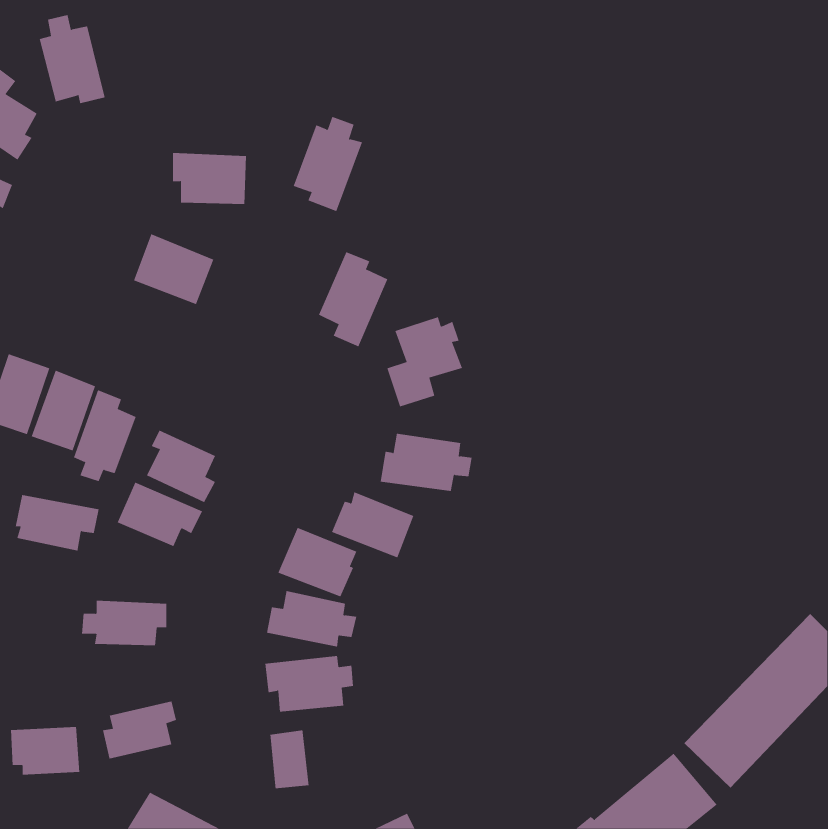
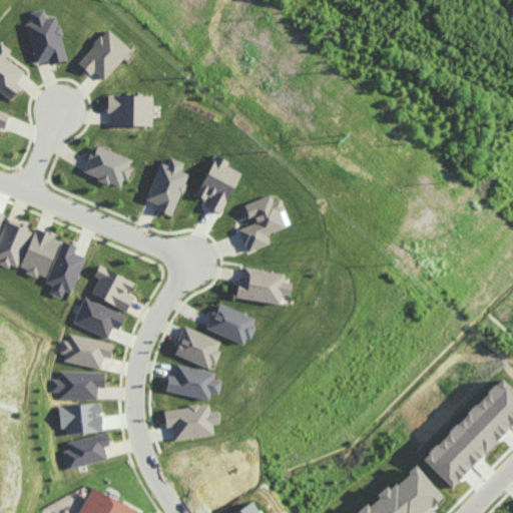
building: none -> [76,29,130,80]
building: [293,116,363,212] -> [145,157,188,216]
building: [15,495,99,551] -> [61,334,113,369]
building: [10,727,80,775] -> [58,404,101,434]
building: [270,729,309,789] -> none

